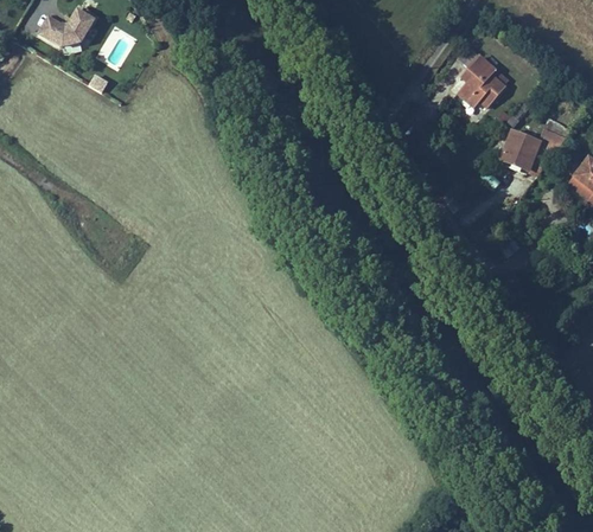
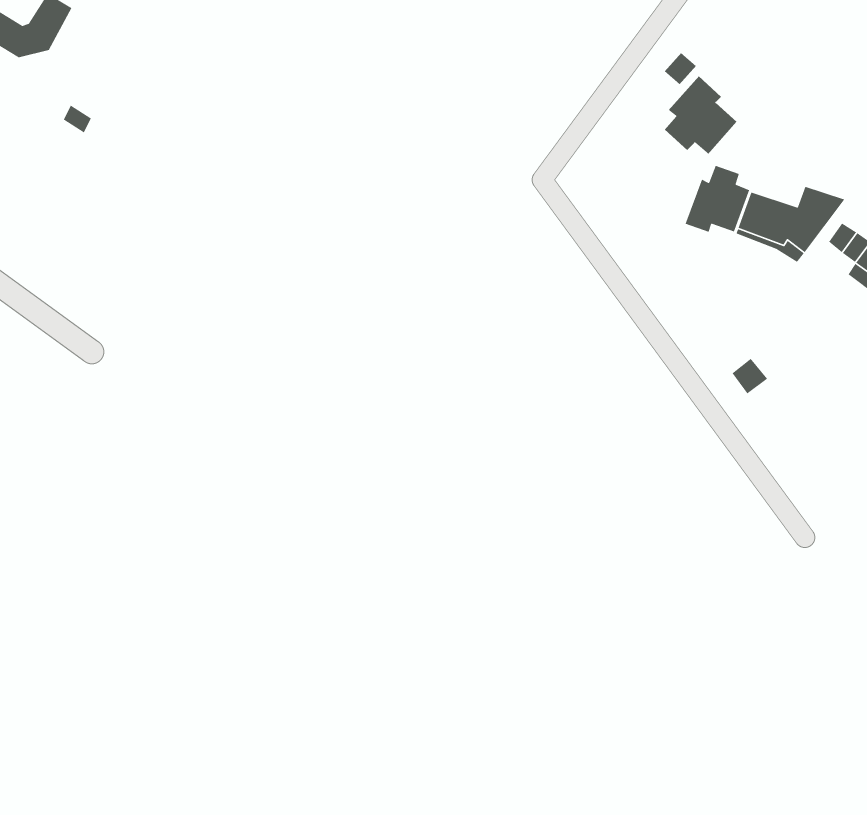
building: none -> [685,165,750,233]

